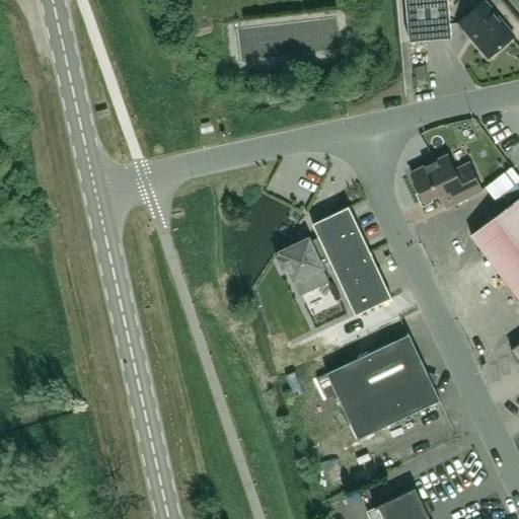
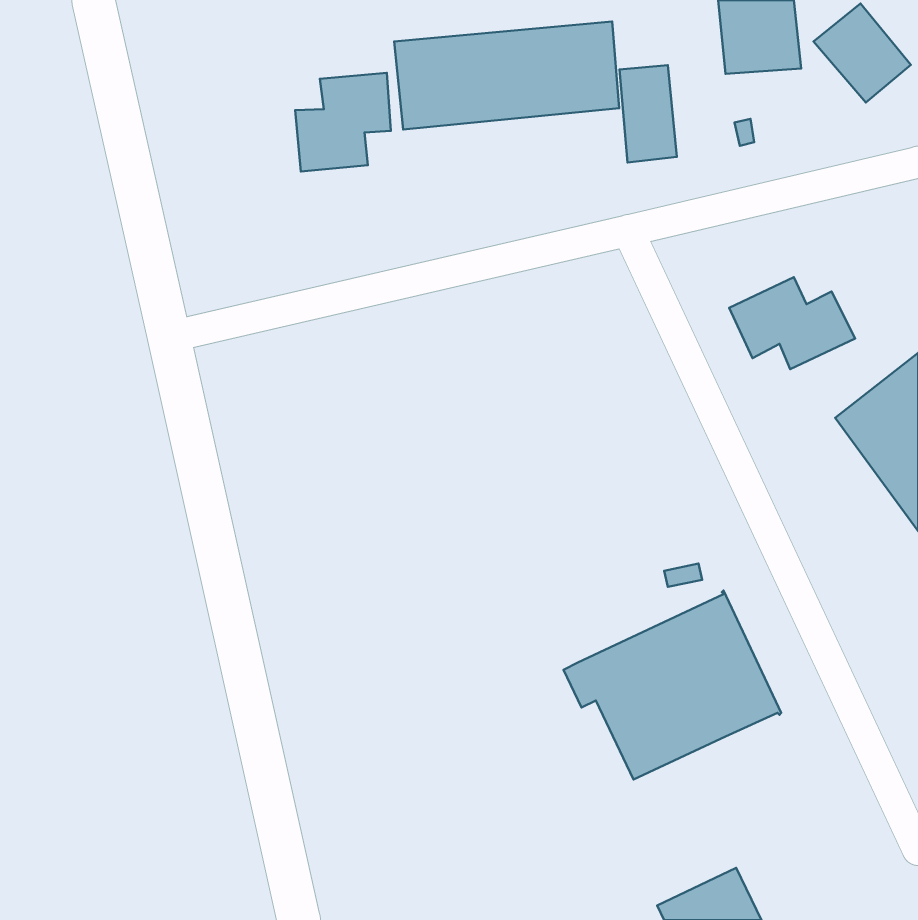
building: none -> [620,65,677,163]
building: none -> [295,73,391,171]
building: [276,207,391,315] -> none

